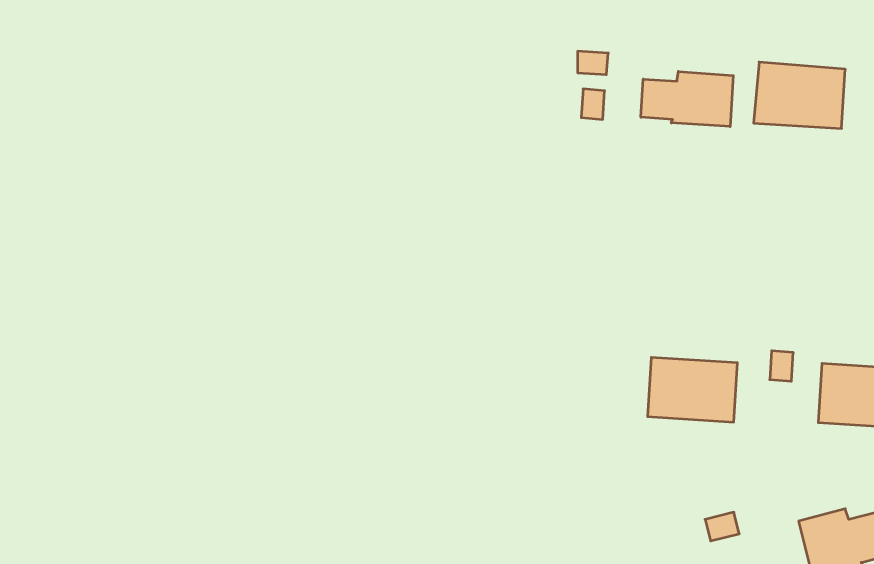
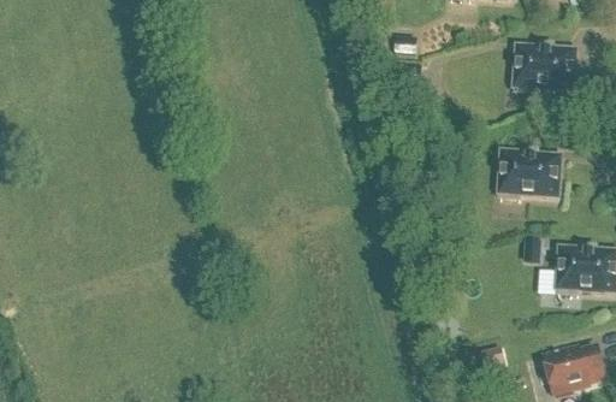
building: [641,71,733,127] -> none
building: [648,357,737,422] -> [499,154,559,197]

